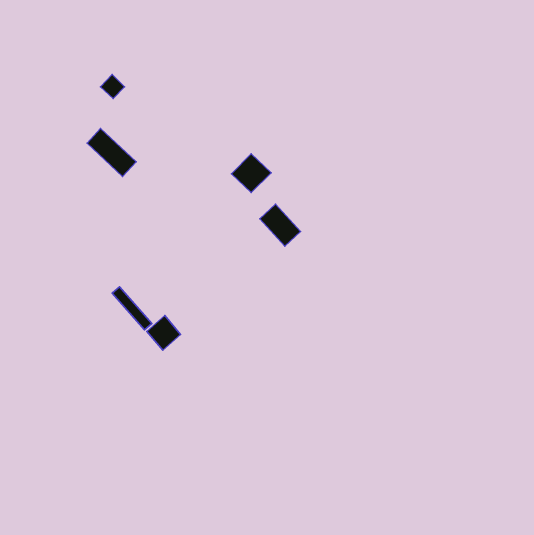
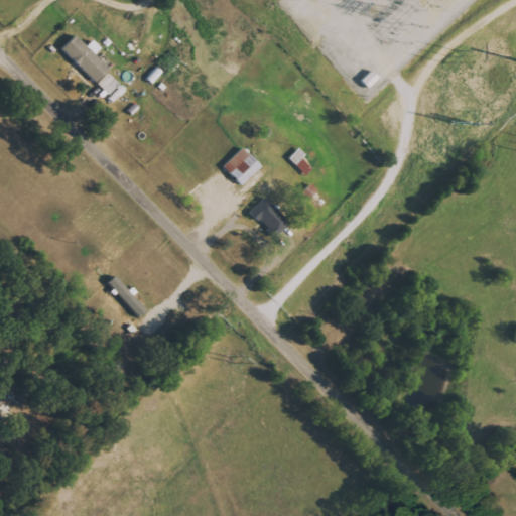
building: [87,128,136,177] -> [61,35,109,82]
building: [147,315,181,350] -> none

